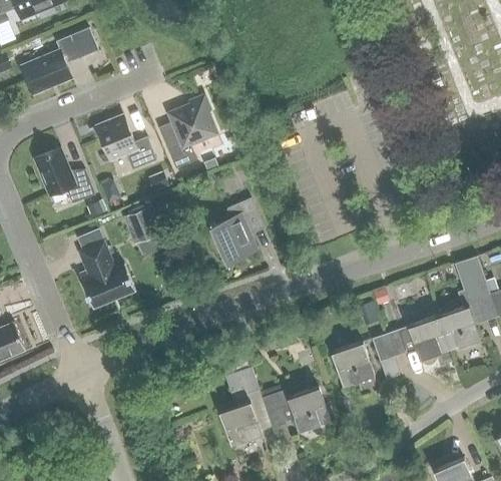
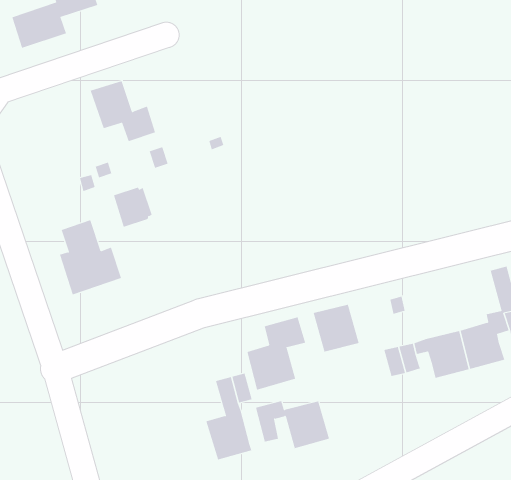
building: [158,94,217,168] -> none
building: [34,147,94,203] -> none
building: [209,197,266,266] -> none
building: none -> [247,317,306,391]
building: [331,342,374,386] -> [313,304,359,352]

